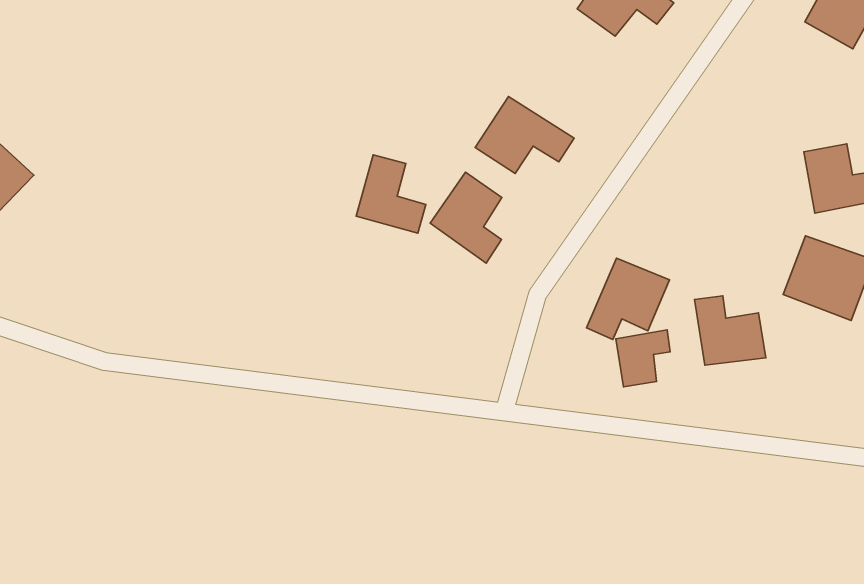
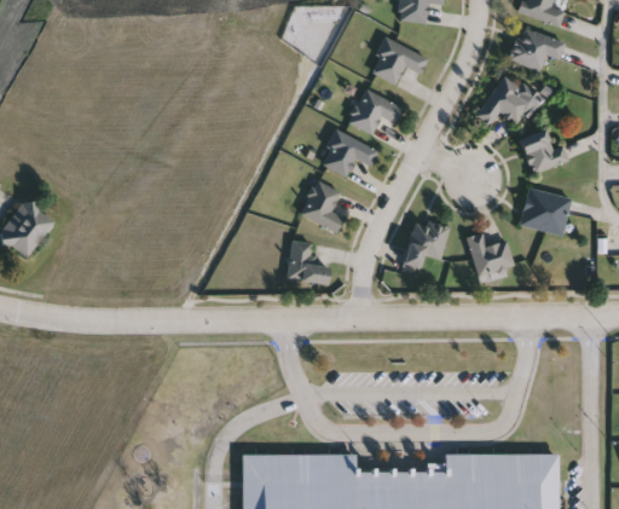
building: none -> [348,88,403,134]
building: none -> [476,77,534,126]
building: [356,155,426,233] -> [288,241,329,284]
building: [616,330,670,387] -> none

